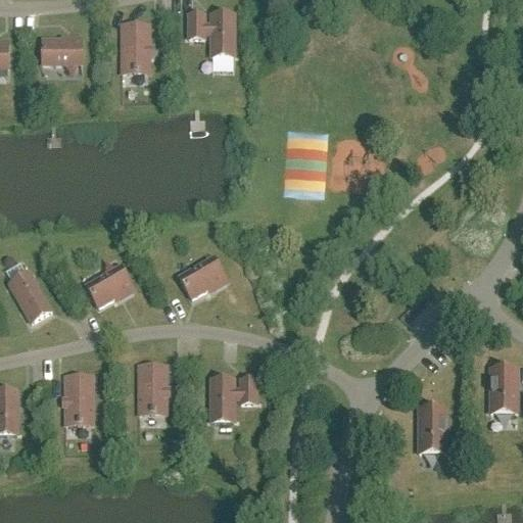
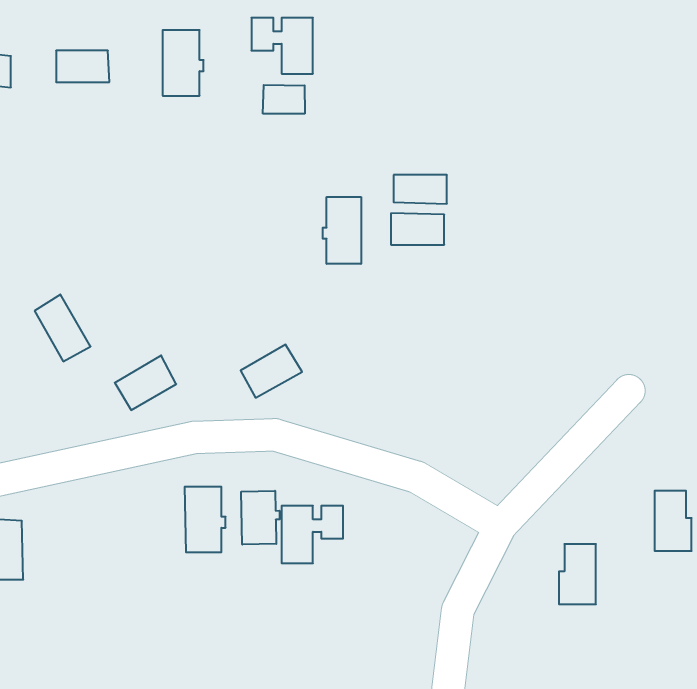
building: none -> [263,85,305,114]
building: none -> [323,197,361,264]
building: [9,271,51,321] -> [35,294,91,361]
building: none -> [241,491,280,545]
building: [62,374,92,423] -> none

